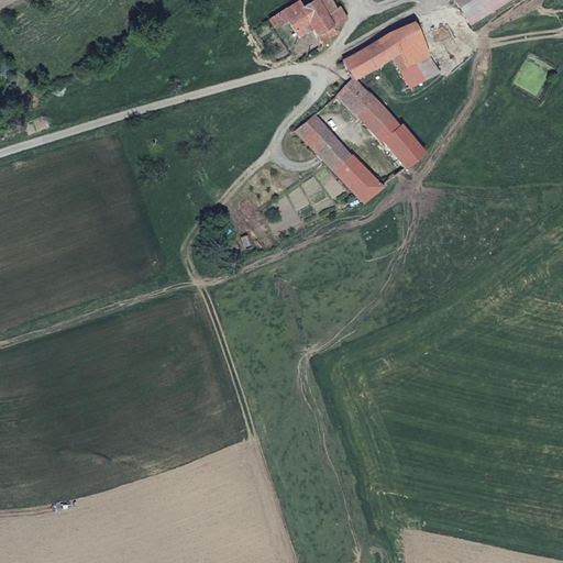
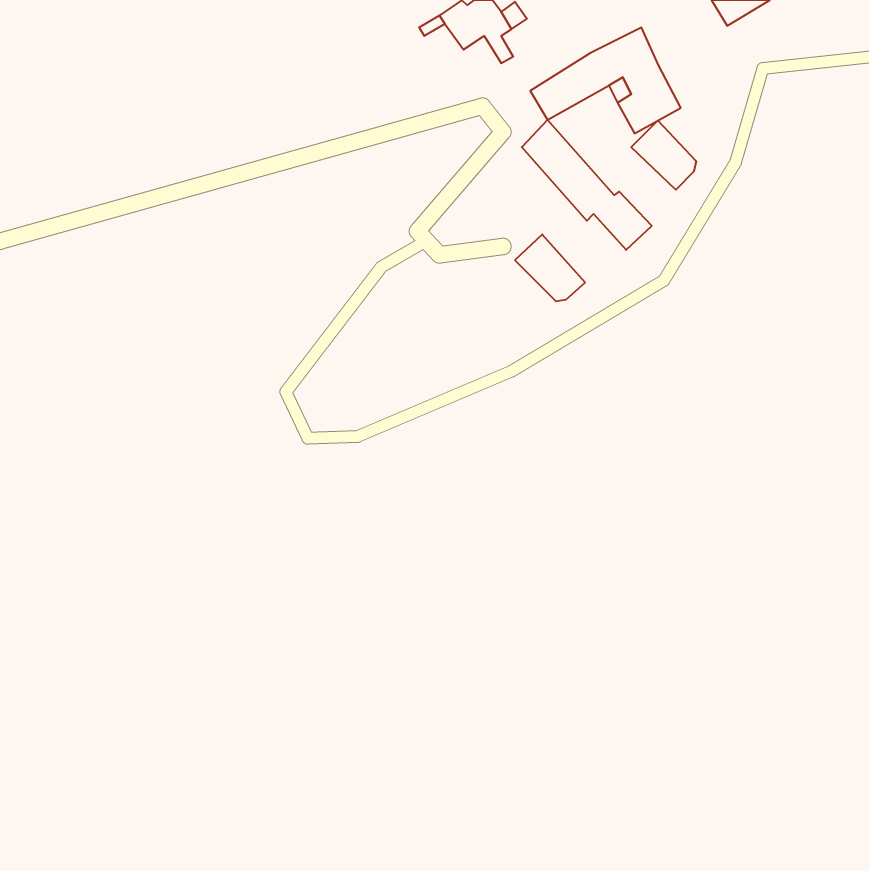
building: none -> [631,121,696,190]
building: [299,115,352,169] -> none

